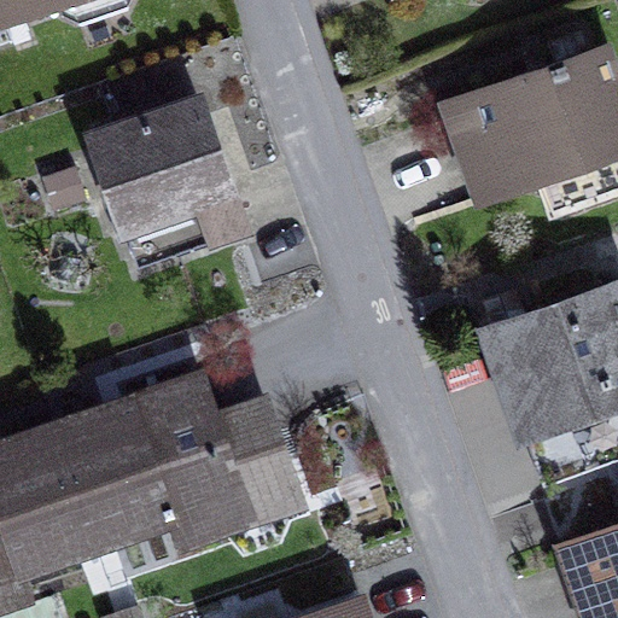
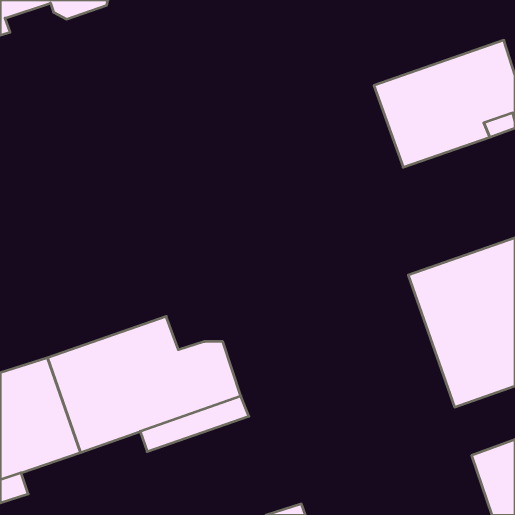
building: [97,101,243,264] -> none

